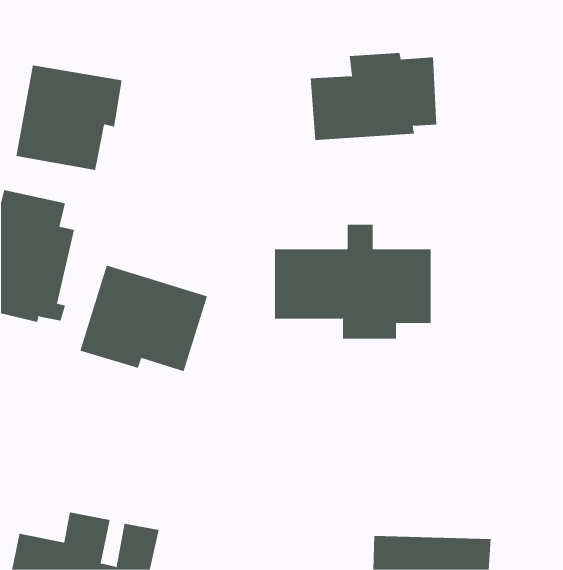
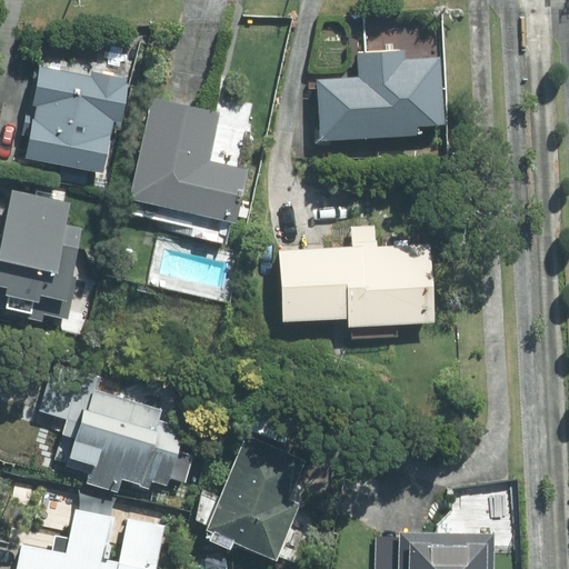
building: none -> [126,96,244,244]
building: [80,265,208,372] -> [61,387,189,493]
building: none -> [204,430,310,561]

